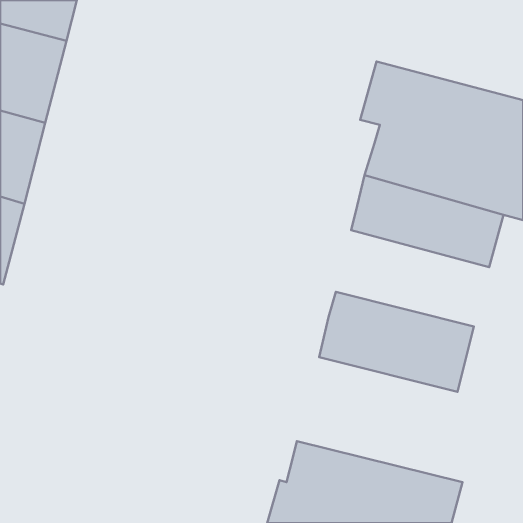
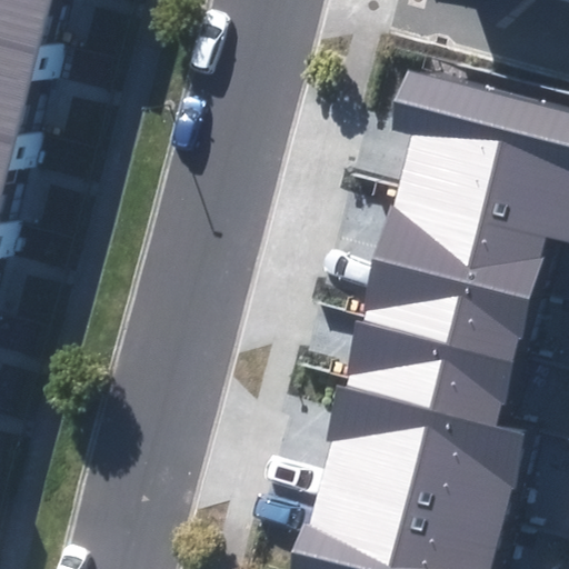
building: none -> [365,250,531,355]
building: none -> [322,387,526,523]

